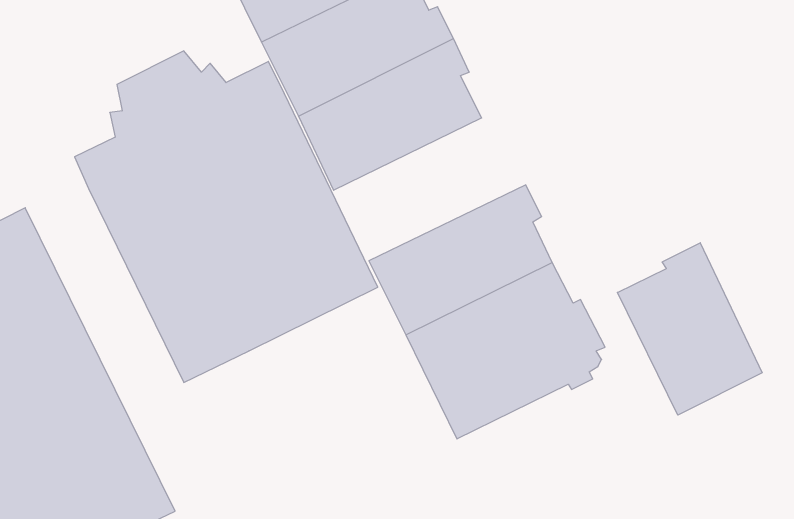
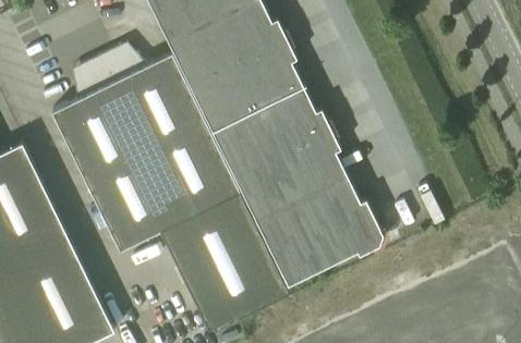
building: none -> [213,88,331,176]
building: [617,243,762,415] -> none
building: none -> [160,193,288,329]

